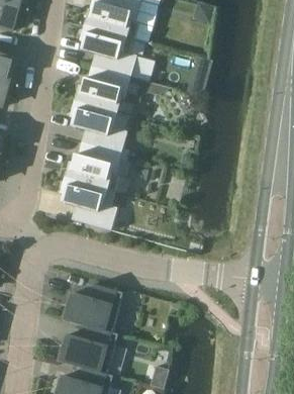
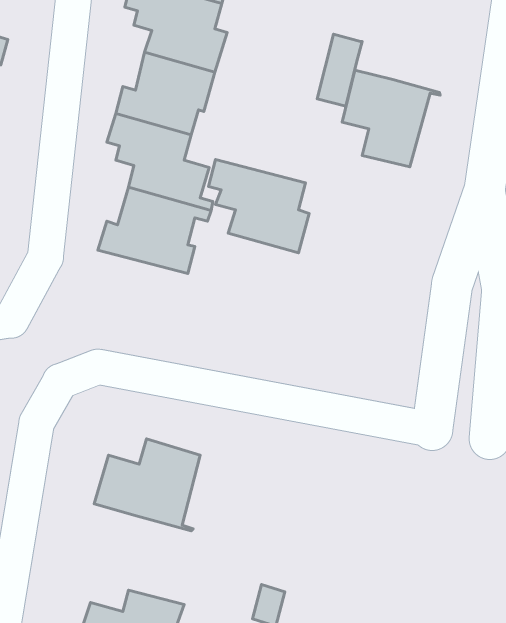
building: none -> [342,70,440,167]
building: [60,177,116,229] -> [208,159,309,253]
building: [57,326,116,376] -> none

